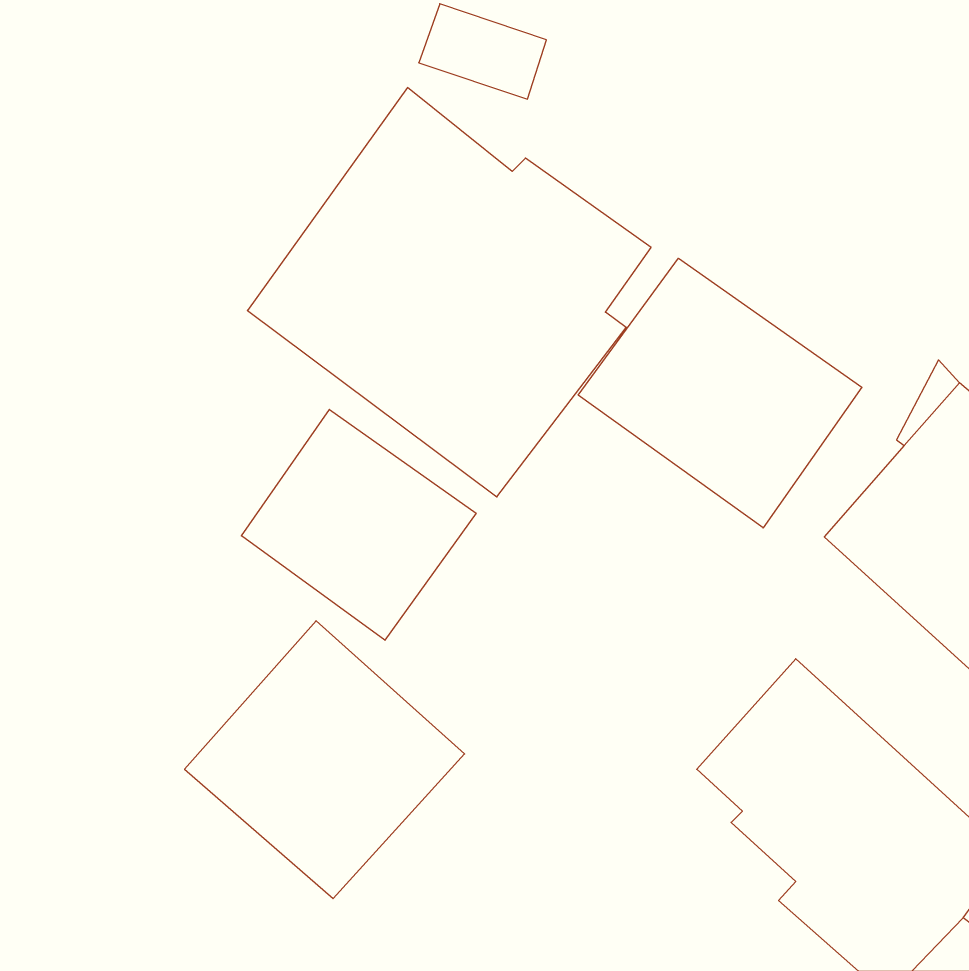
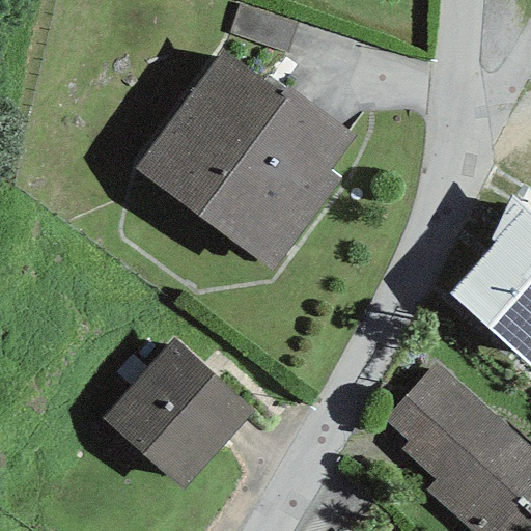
building: [578,258,862,528] -> none
building: [241,409,476,640] -> none

